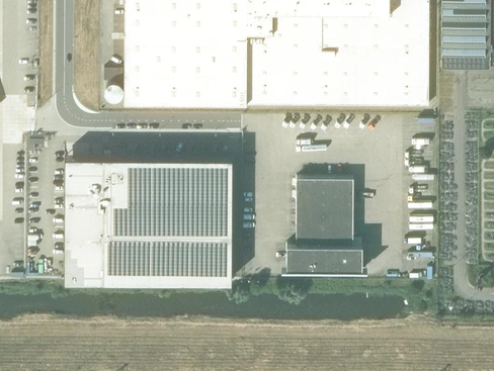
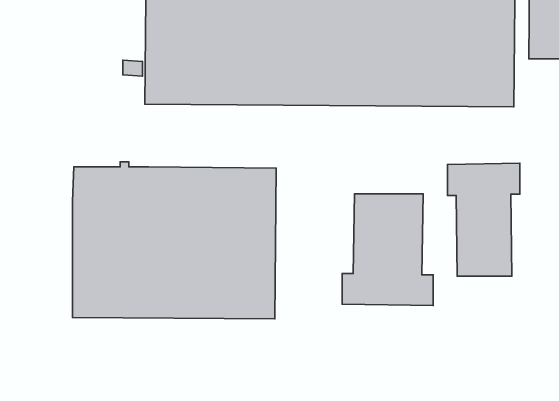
building: none -> [447,163,520,276]

